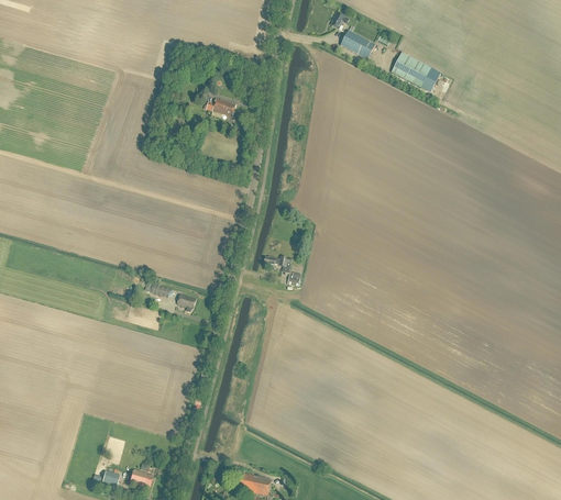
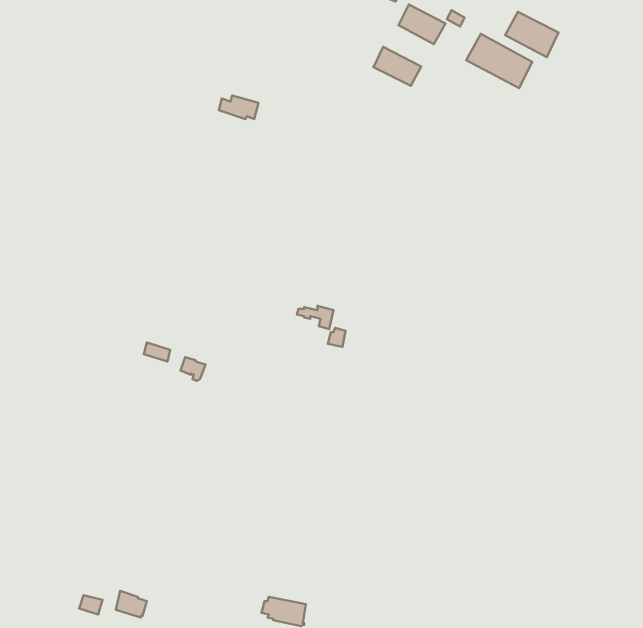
building: none -> [505,12,559,57]
building: none -> [374,47,421,86]

